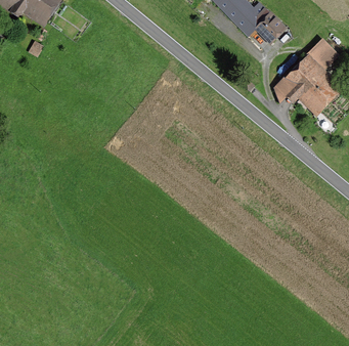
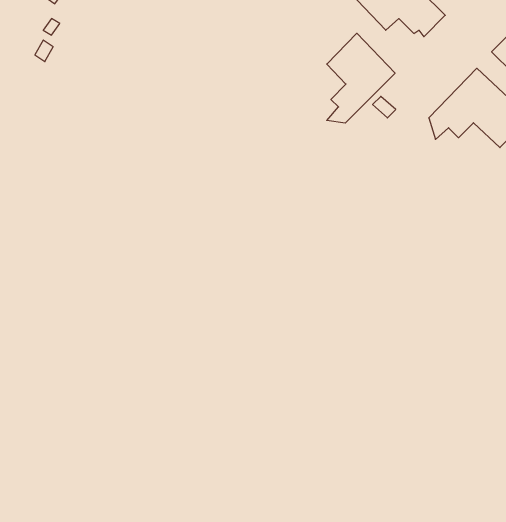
building: none -> [327,33,395,123]

